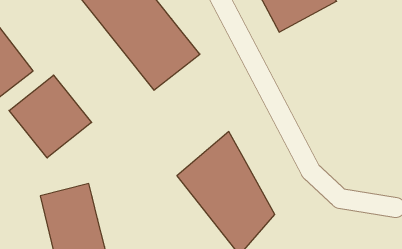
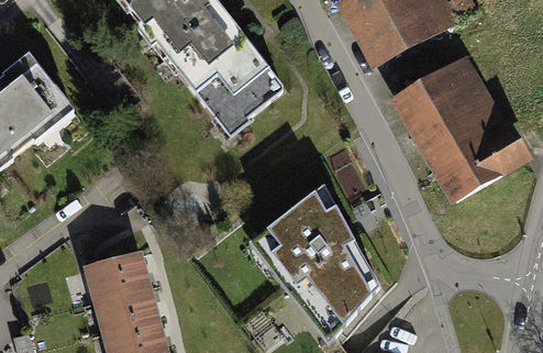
building: none -> [391,53,525,199]
building: [9,75,92,158] -> none

